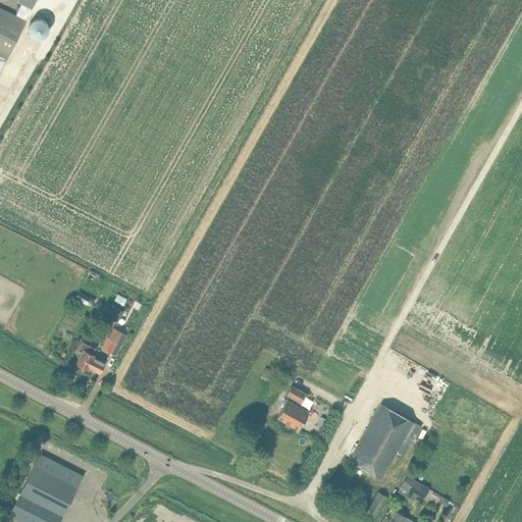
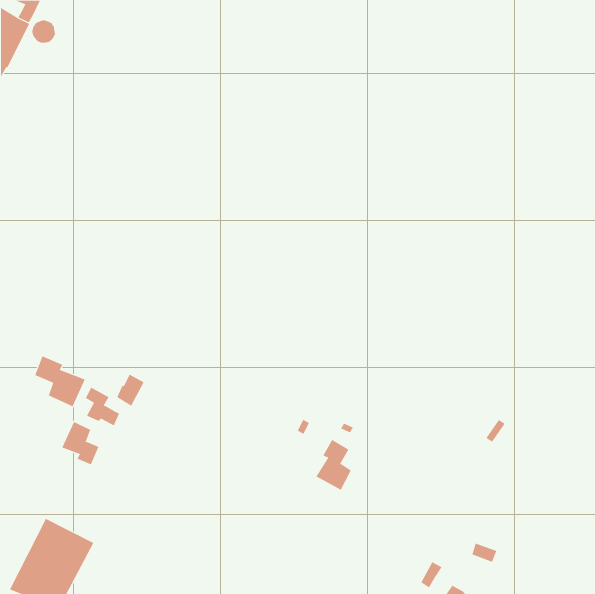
building: none -> [34,356,85,407]
building: none -> [62,421,99,465]
building: [350,405,420,478] -> none

